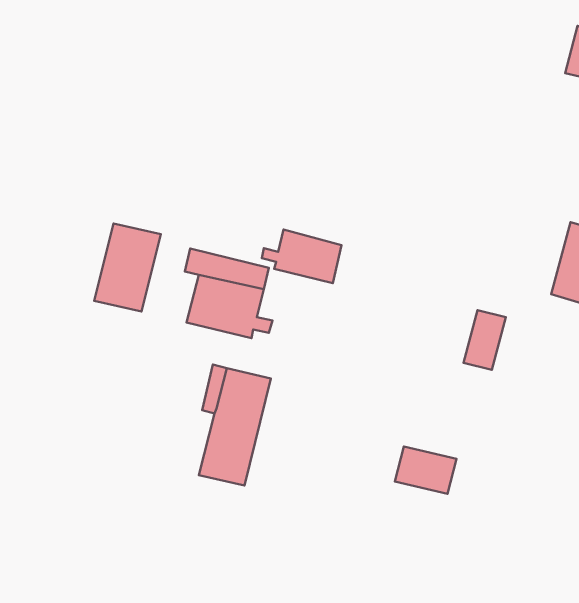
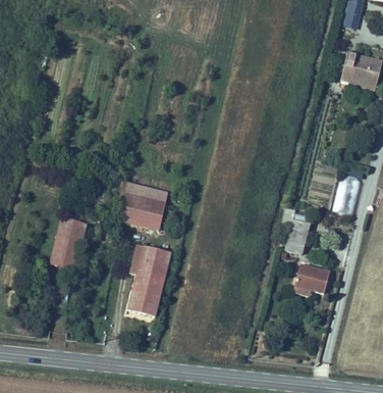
building: [94,224,161,311] -> [48,219,87,271]
building: [262,229,342,283] -> none
building: [395,447,456,494] -> [294,264,330,292]

